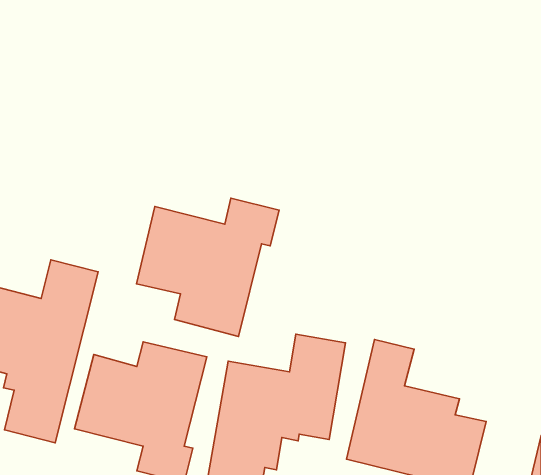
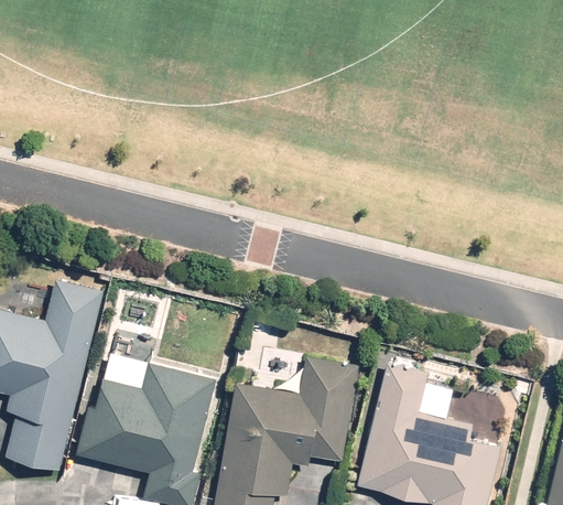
building: [136,198,279,336] -> none

